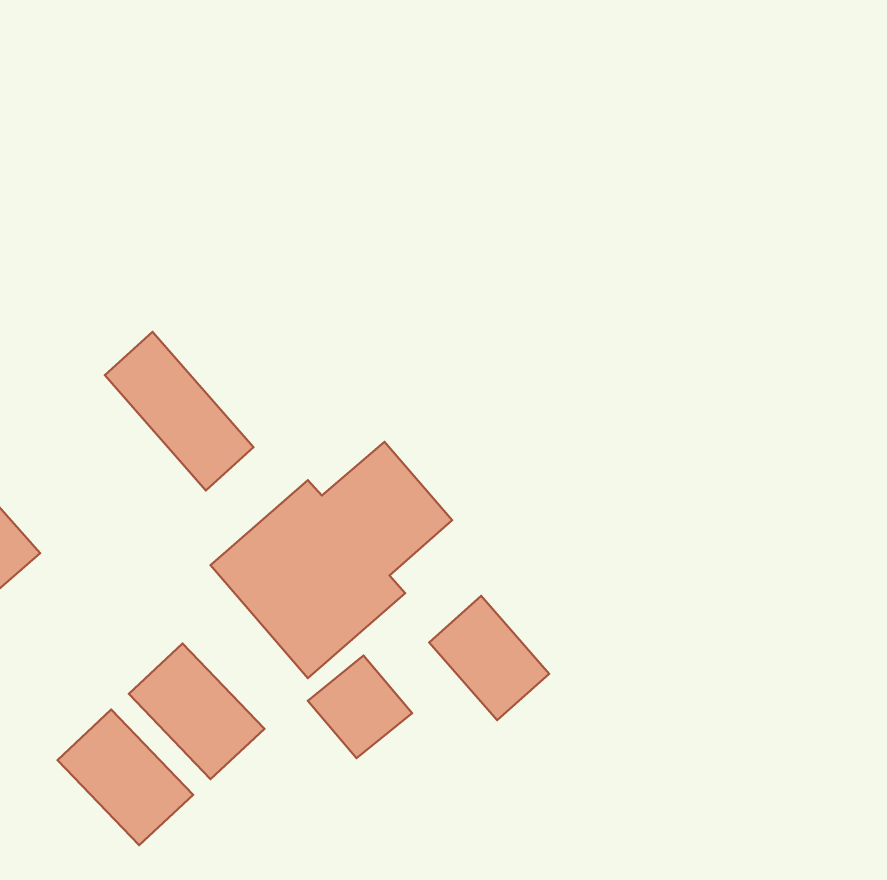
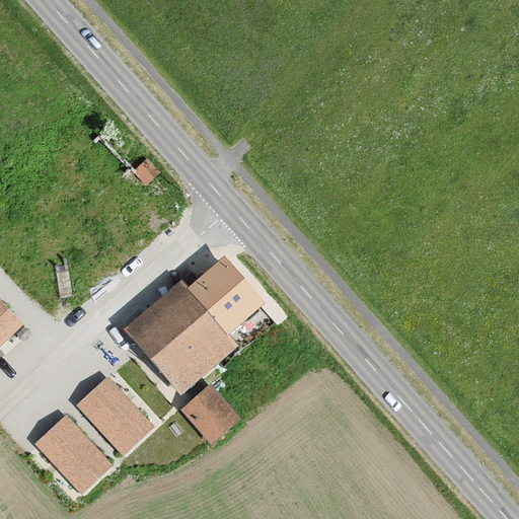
building: [105,332,253,491] -> none
building: [429,596,549,720] -> none

